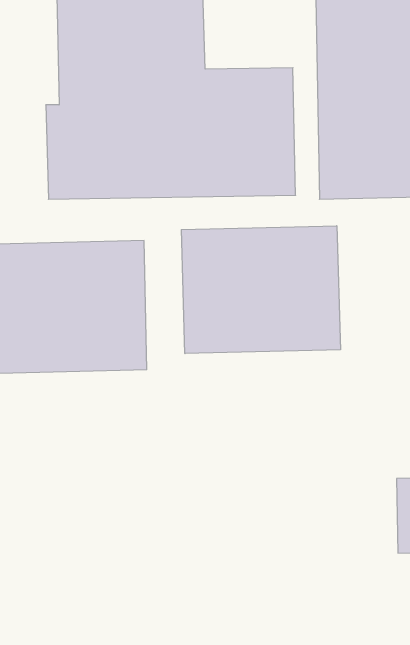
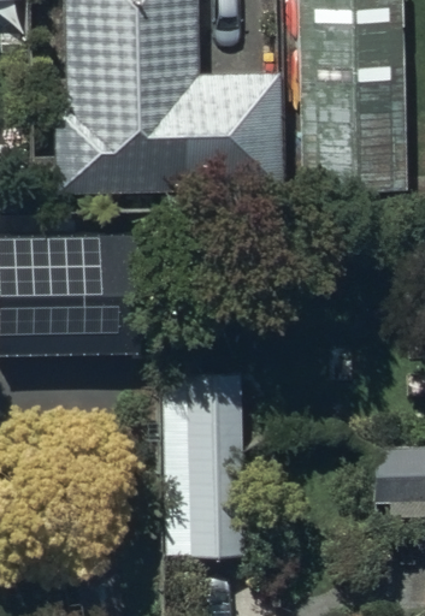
building: [181,226,340,354] -> none
building: none -> [165,375,243,558]

